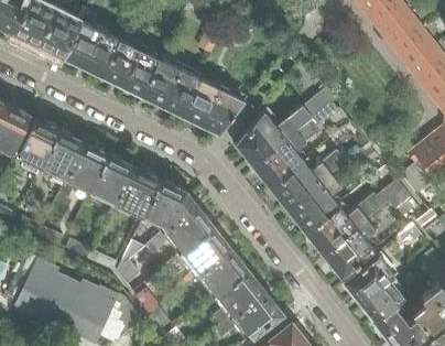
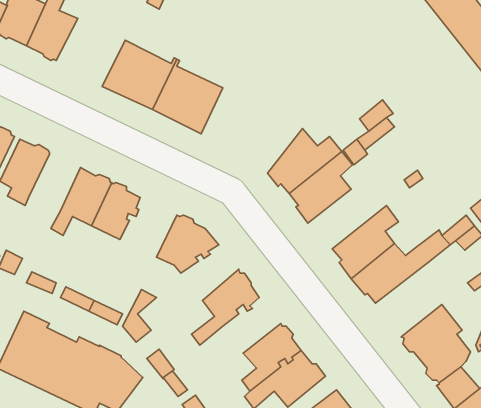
building: [63,20,119,76] -> none
building: [181,77,245,132] -> none
building: [41,130,83,177] -> none
building: [268,151,346,208] -> none
building: [115,166,158,214] -> none
building: [144,205,211,253] -> none
building: [323,218,376,278] -> none
building: [198,248,246,293] -> none

